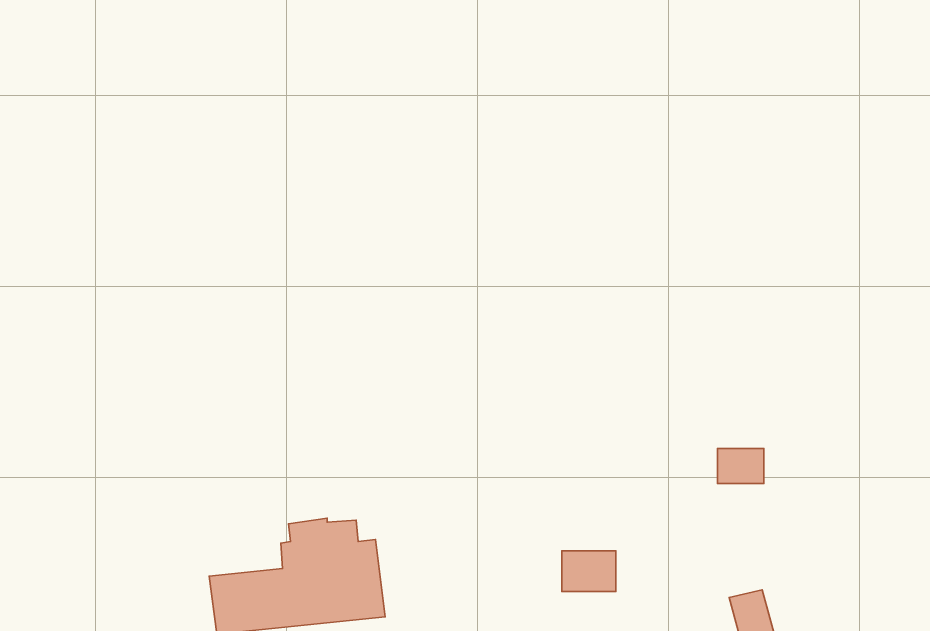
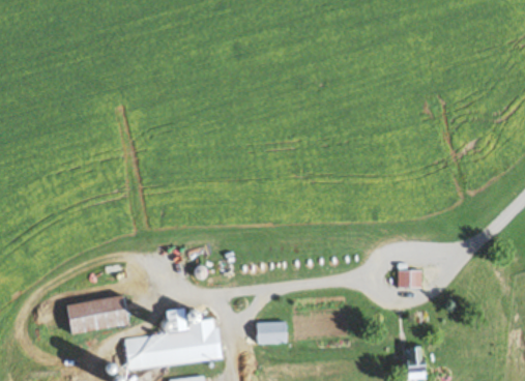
building: none -> [67,295,129,333]
building: [562,551,616,592] -> [257,322,286,344]

